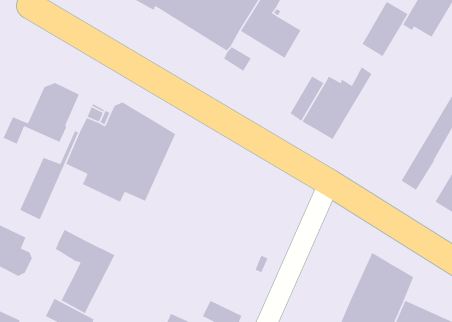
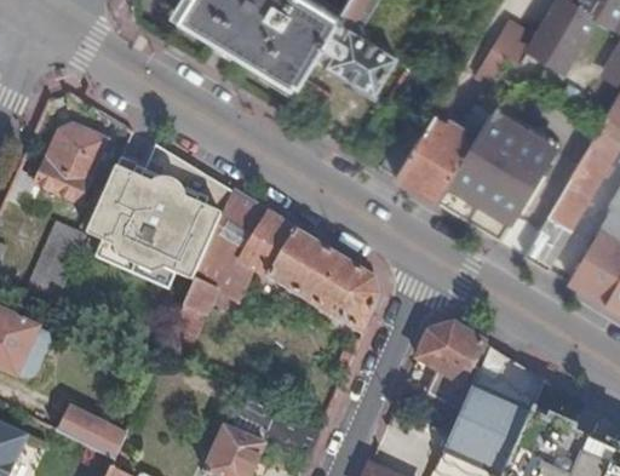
building: none -> [438,108,557,239]
building: none -> [168,191,380,349]
building: [55,229,115,314] -> none
building: none -> [419,325,489,411]

